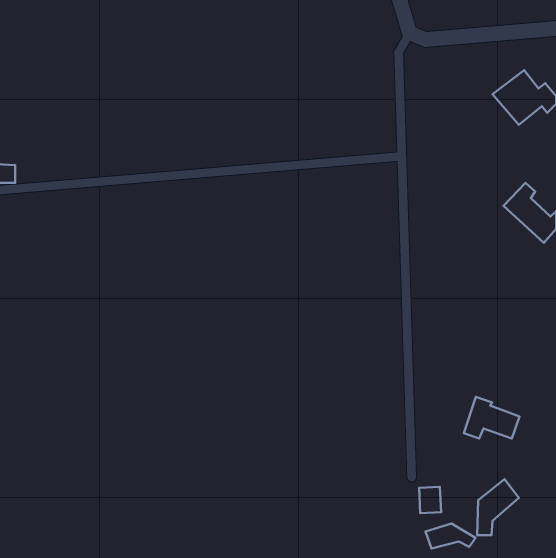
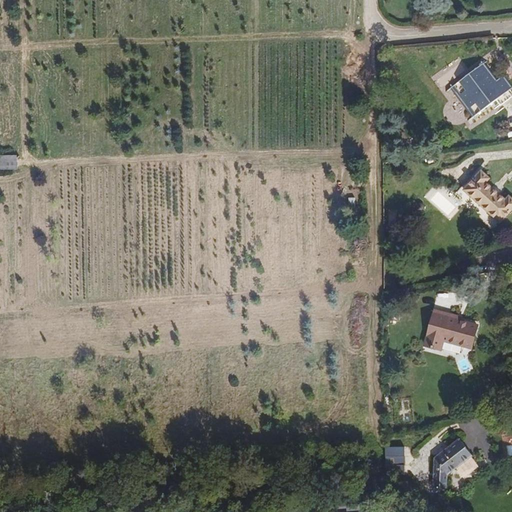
building: [464,397,520,438] -> [426,311,477,349]
building: [425,524,475,548] -> none

